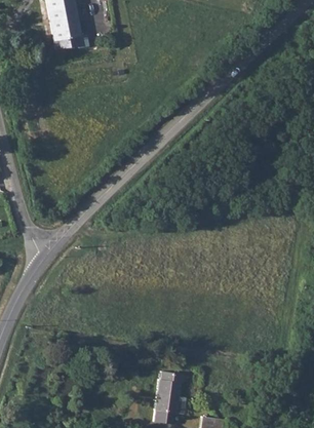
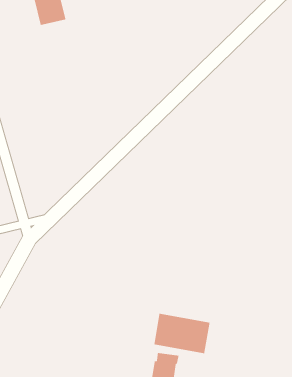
building: none -> [153,313,210,354]

